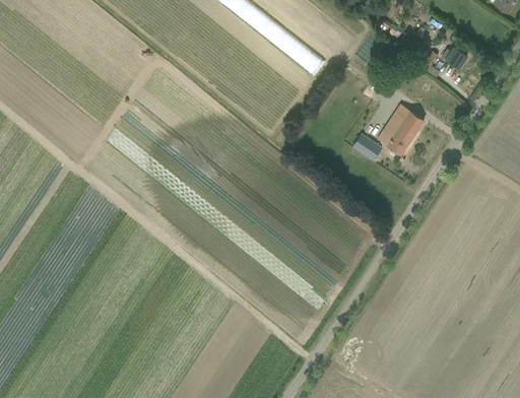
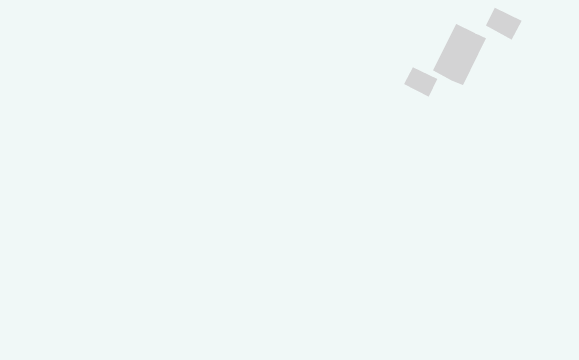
building: none -> [485,7,522,40]

